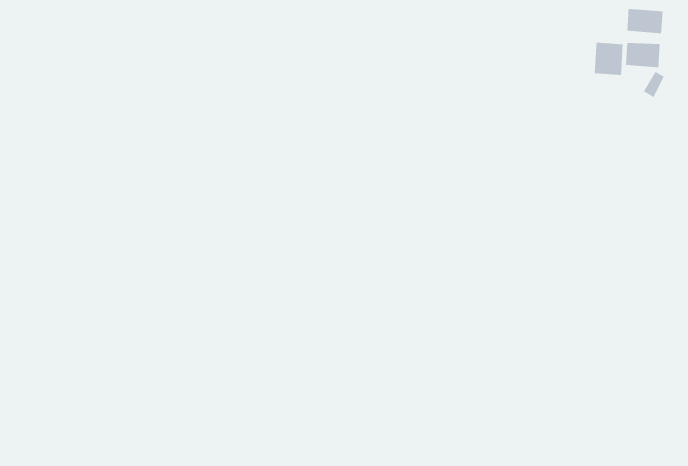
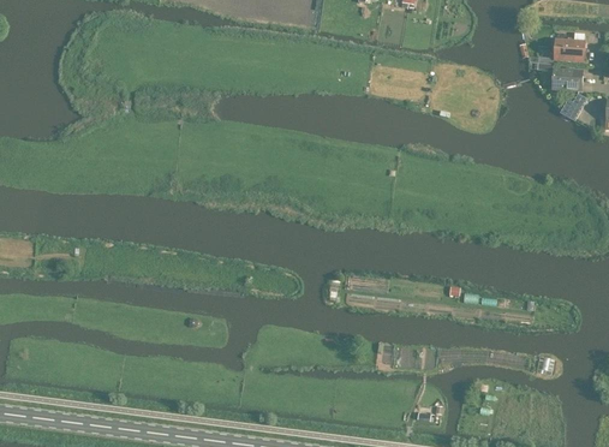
building: [594,42,624,76] -> none

